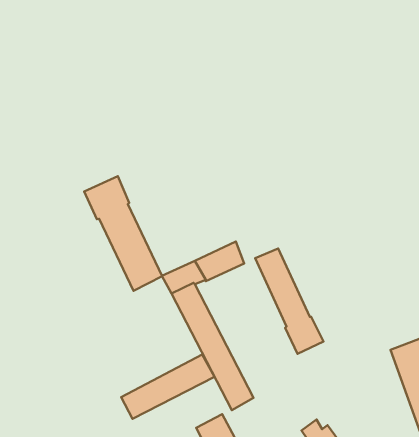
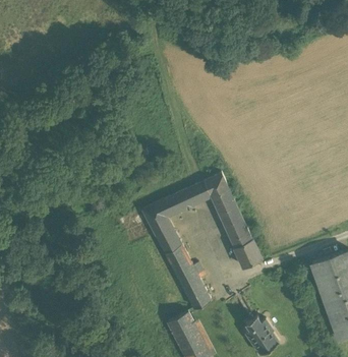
building: [84,176,162,291] -> none
building: none -> [196,173,228,200]
building: [121,355,215,419] -> none

